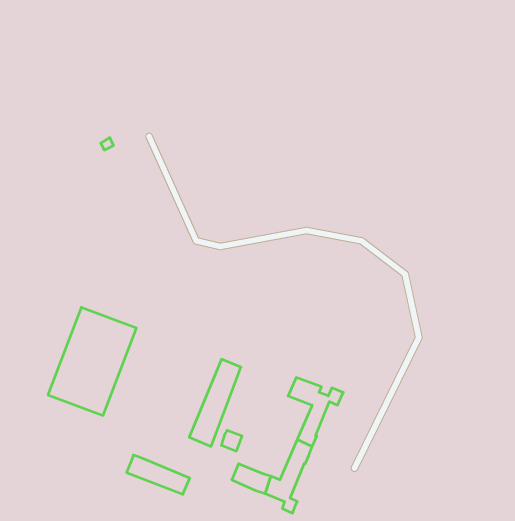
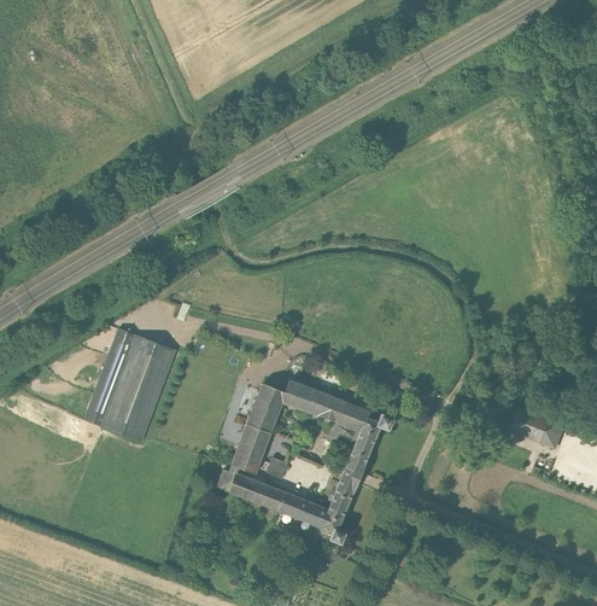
building: none -> [282,380,344,421]
building: none -> [505,406,564,450]
building: [127,455,190,494] -> [217,468,283,509]

